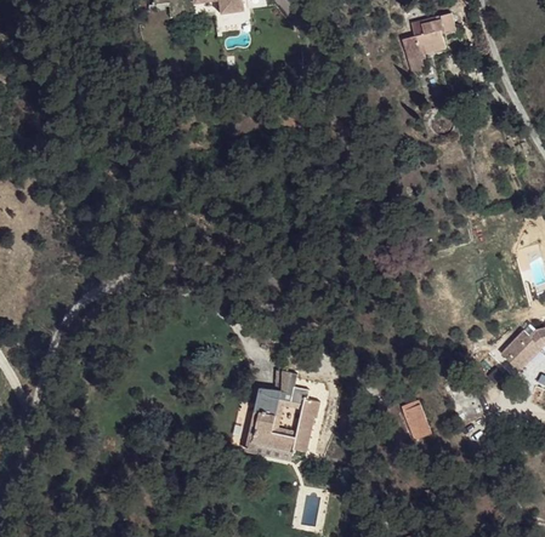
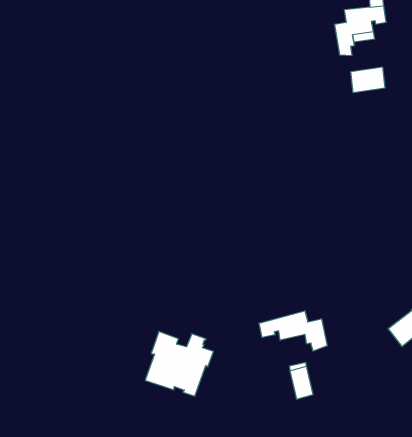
building: none -> [351,67,385,93]
building: none -> [259,311,327,351]

